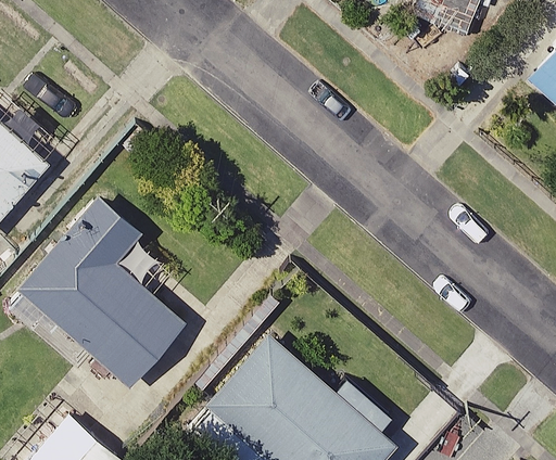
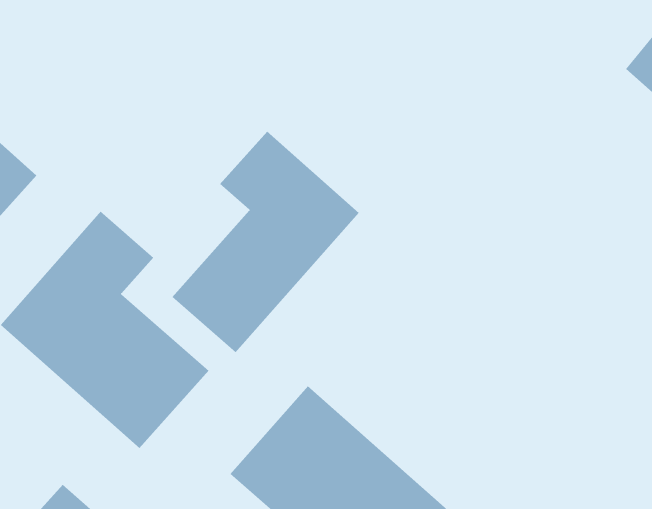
building: none -> [171,131,360,353]

